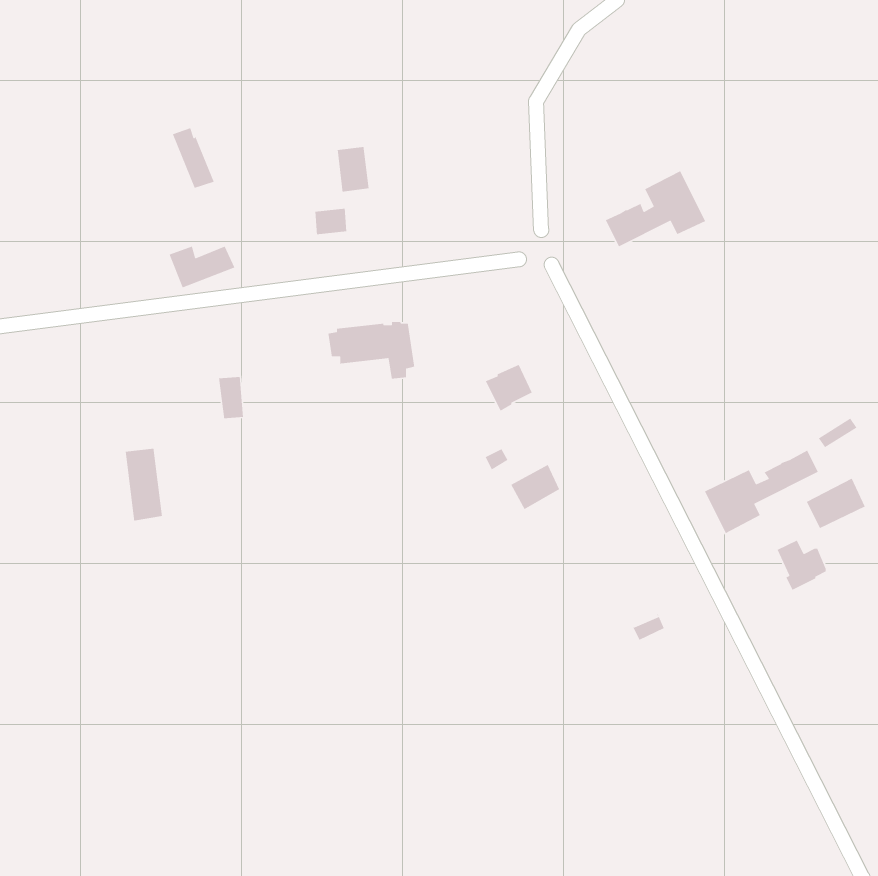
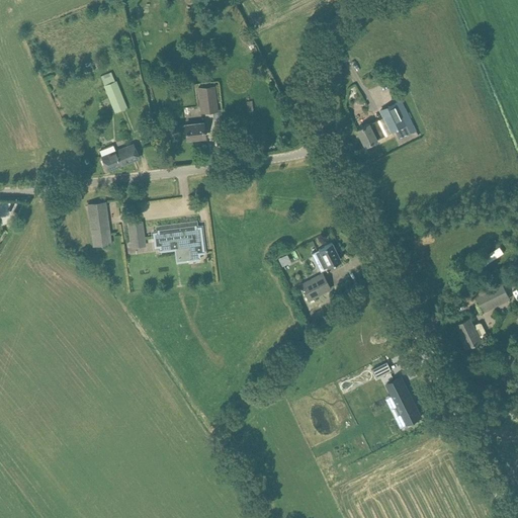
building: [328,321,415,380] -> [153,227,204,261]
building: [485,364,533,412] -> [312,244,340,272]
building: [125,448,163,522] -> [88,203,110,247]
building: [704,449,819,534] -> none
building: none -> [388,377,423,425]

